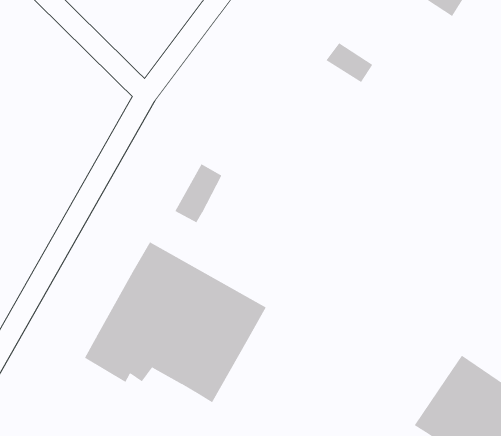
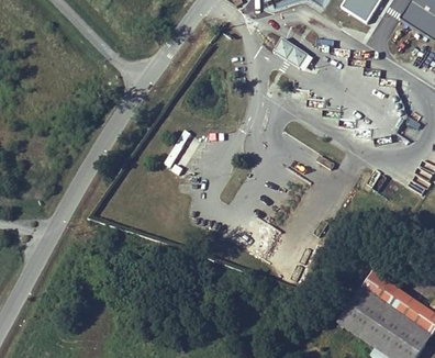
building: [84,241,267,403] -> none

